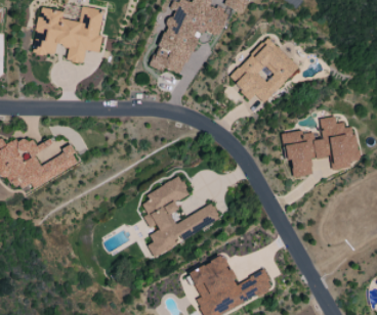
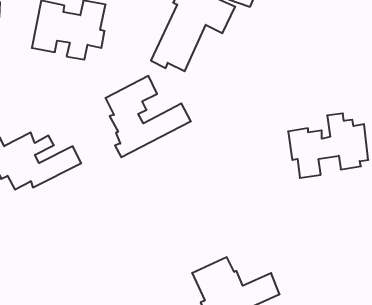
building: [227,37,299,102] -> none
building: [139,177,222,256] -> [105,76,191,157]

